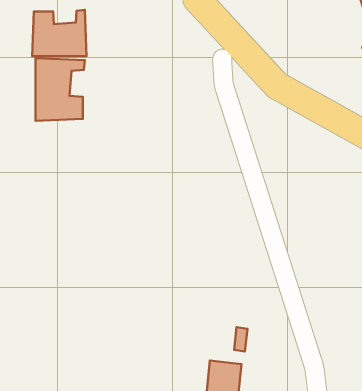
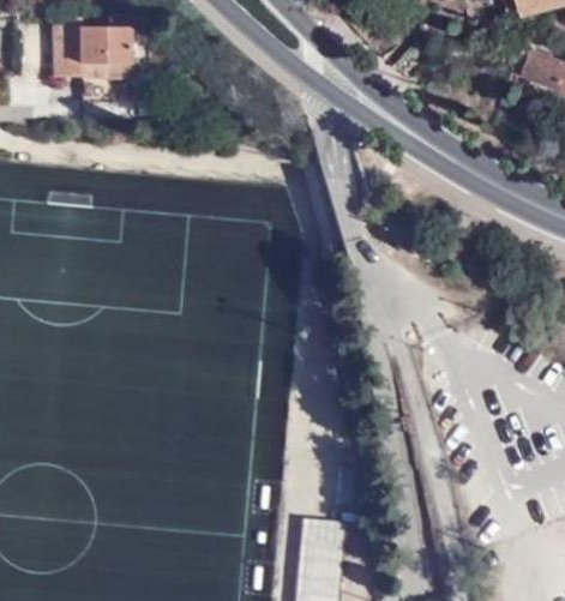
building: [36,58,85,121] -> none

